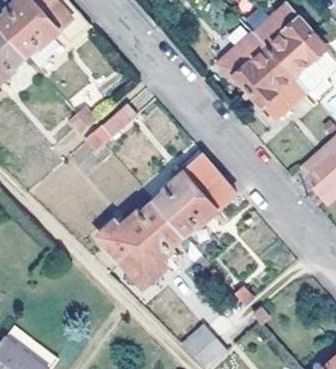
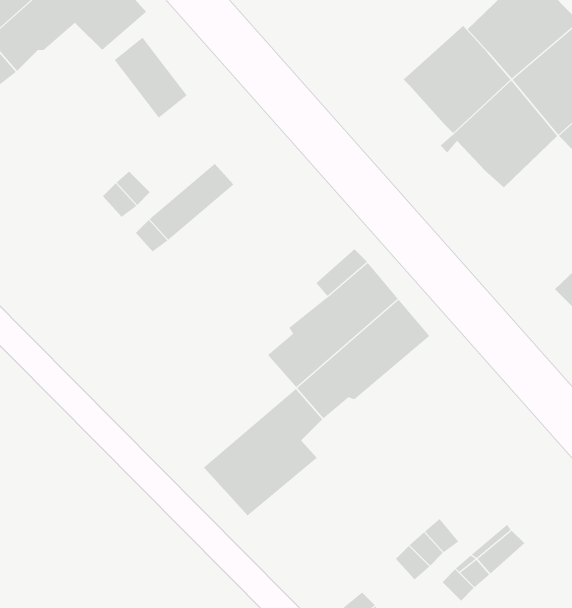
building: [99,203,168,263] -> none

